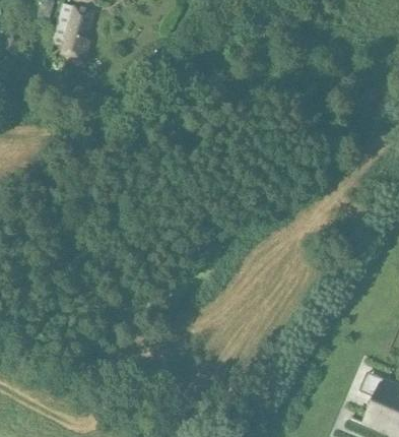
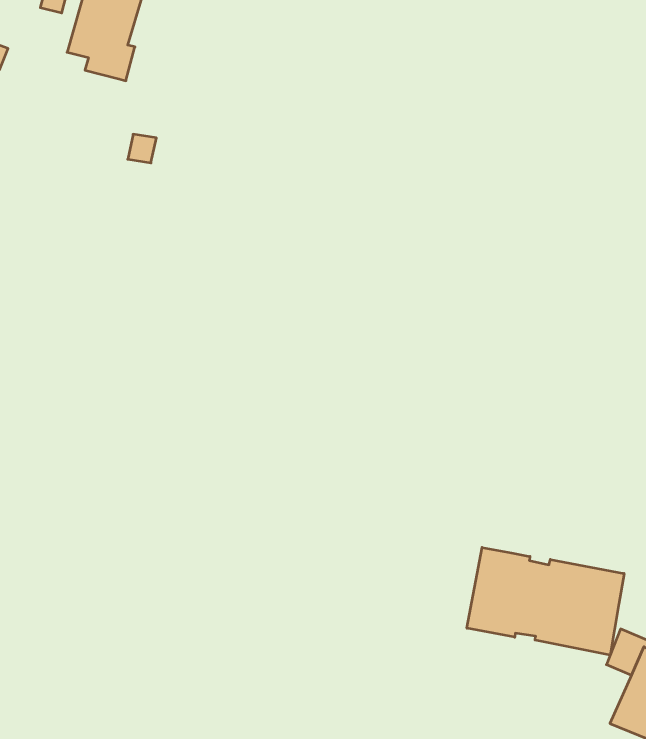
building: none -> [467,547,624,655]

